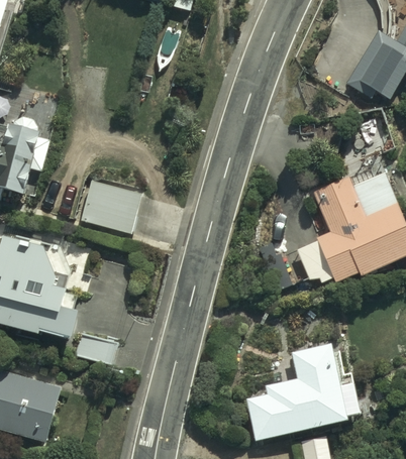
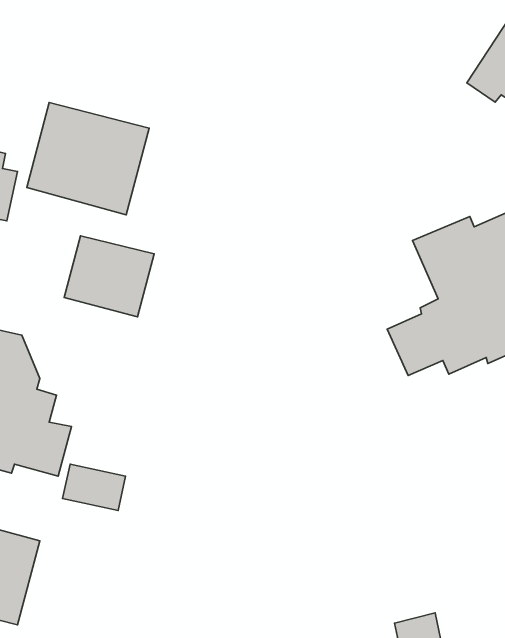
building: none -> [27,102,149,215]
building: [245,342,362,442] -> none

